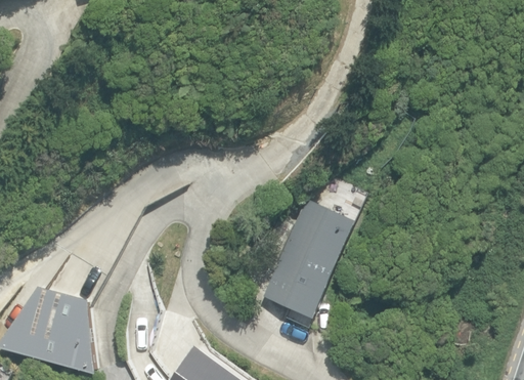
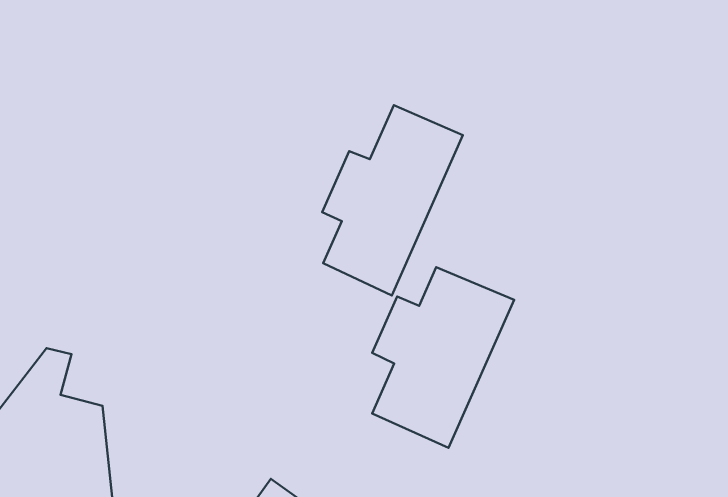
building: none -> [322,105,463,296]

